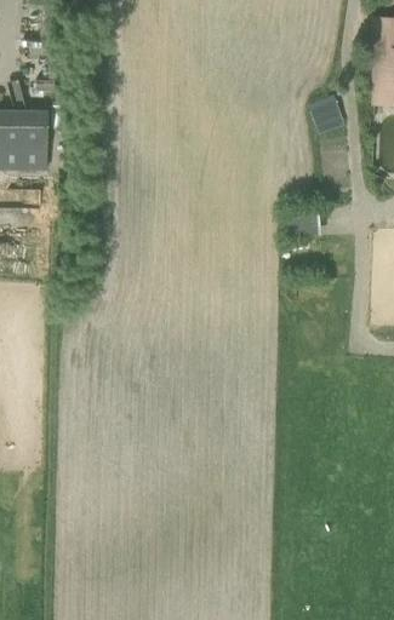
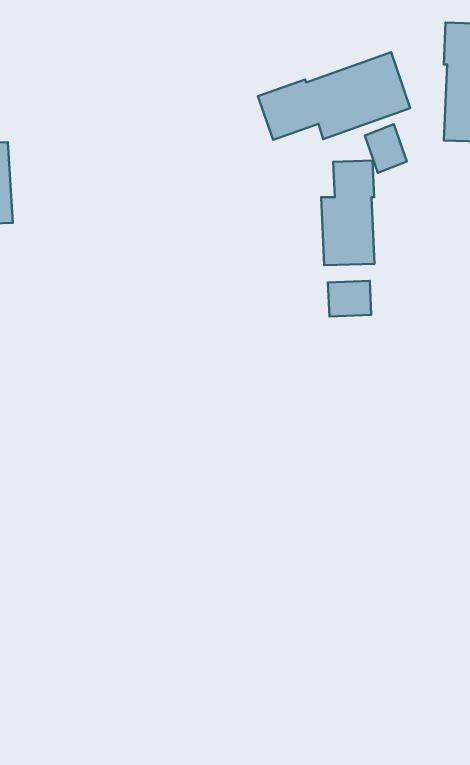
building: none -> [258,52,410,140]
building: none -> [321,160,374,265]

